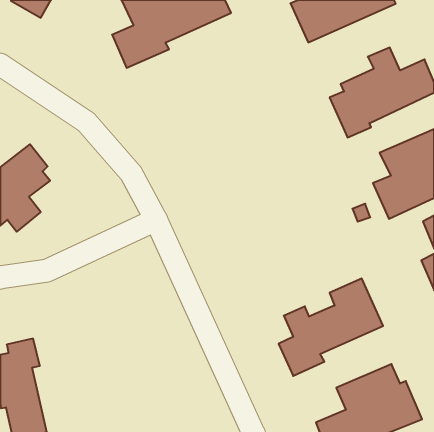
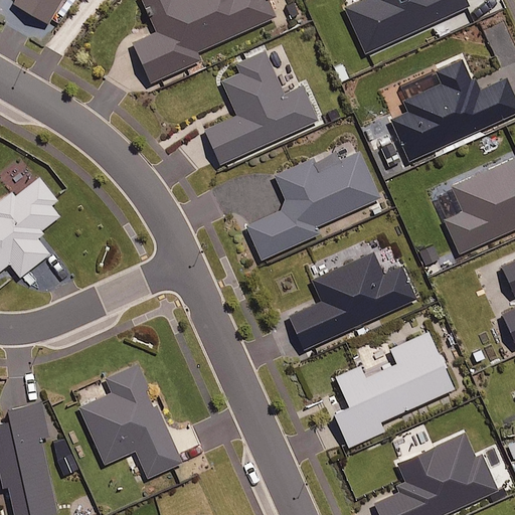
building: none -> [204,51,317,164]
building: none -> [245,152,379,260]
building: none -> [289,241,414,348]
building: none -> [79,365,181,478]

